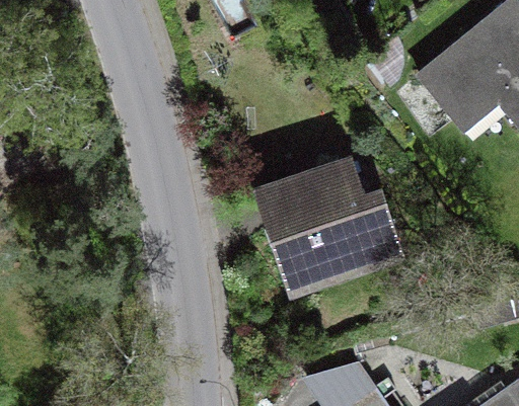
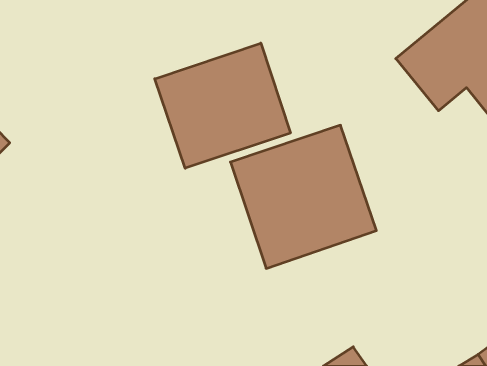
building: none -> [155,43,290,168]

